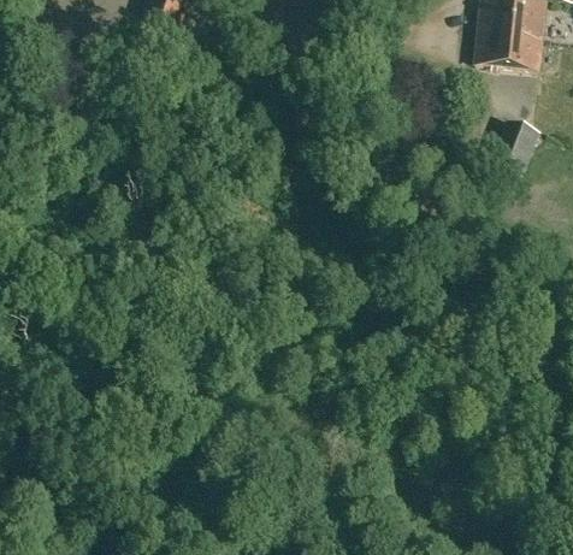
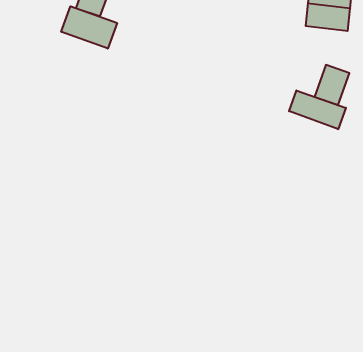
building: none -> [61,6,117,49]
building: none -> [289,90,346,129]

